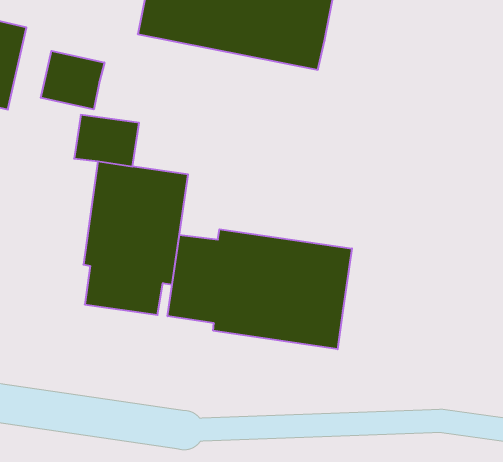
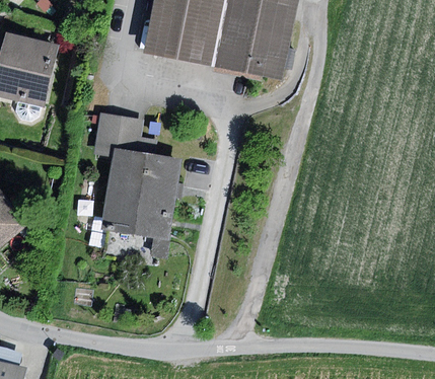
building: [41,51,104,109] -> none
building: [168,229,352,349] -> none

